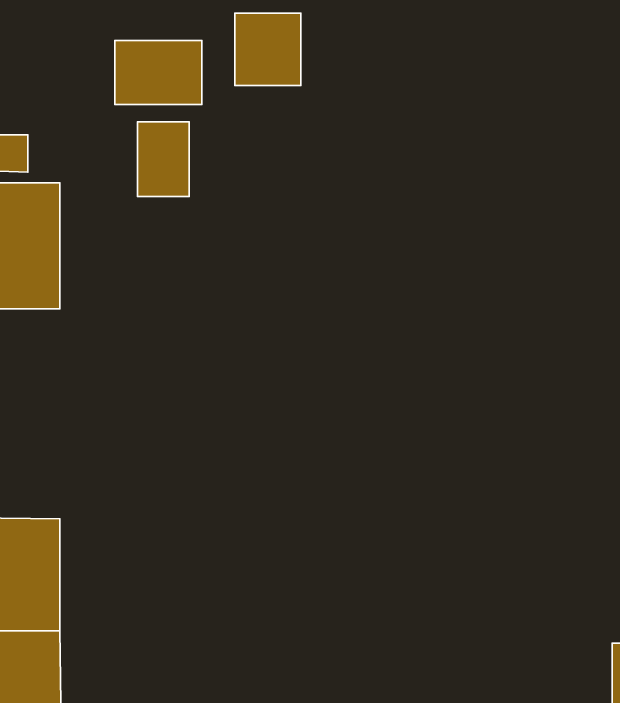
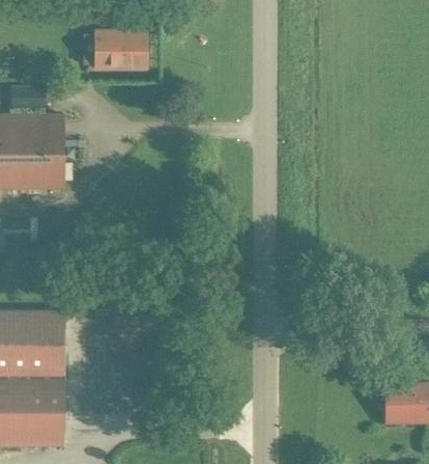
building: [235,13,301,85] -> none
building: [138,122,189,196] -> none

